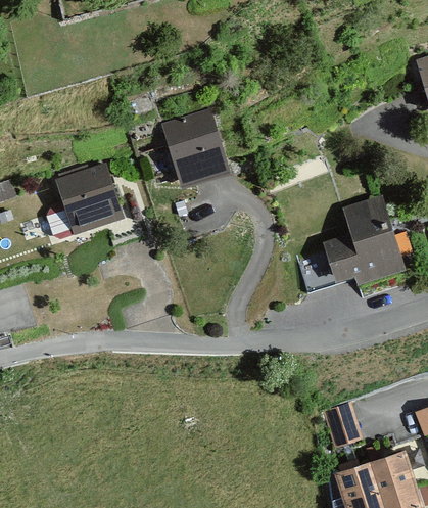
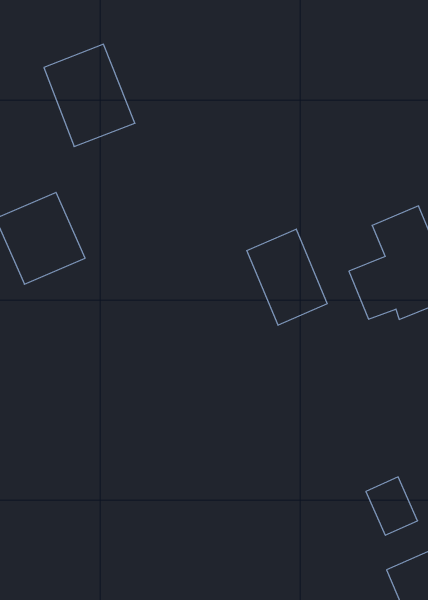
building: [162,111,229,188] -> [44,44,135,147]
building: none -> [247,229,327,325]

